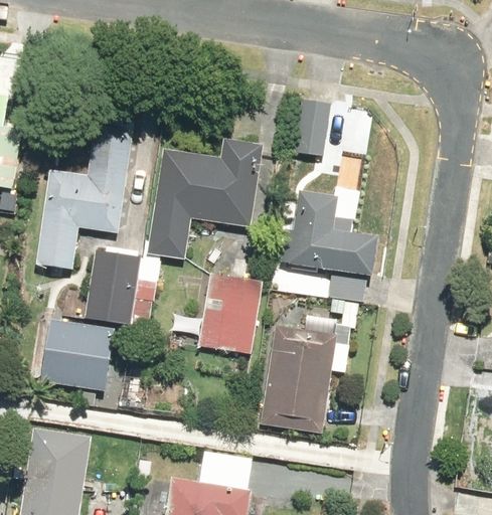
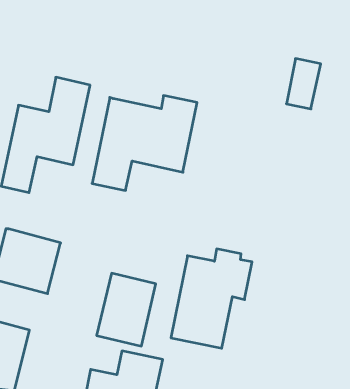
building: [294,99,330,157] -> [286,59,321,109]
building: [274,189,379,326] -> none
building: [85,250,136,325] -> none
building: [196,272,261,355] -> [97,273,156,346]

